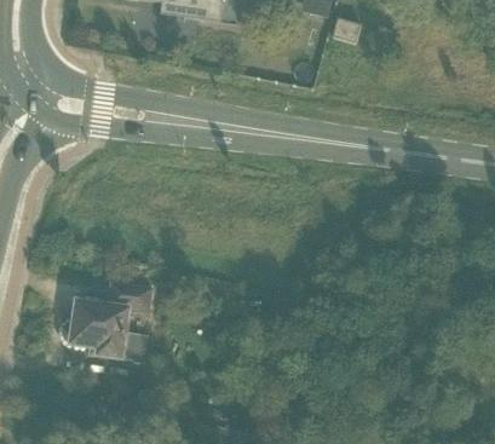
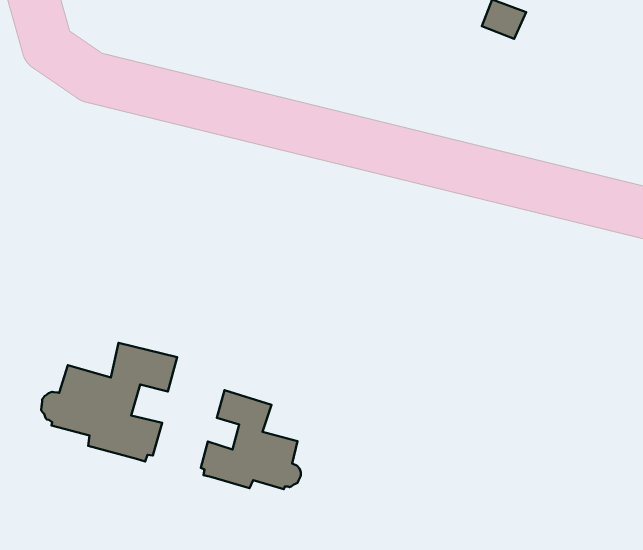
building: none -> [201,390,301,489]

